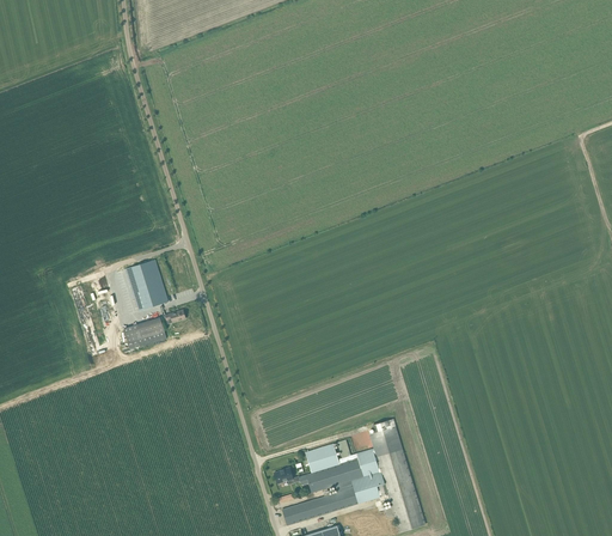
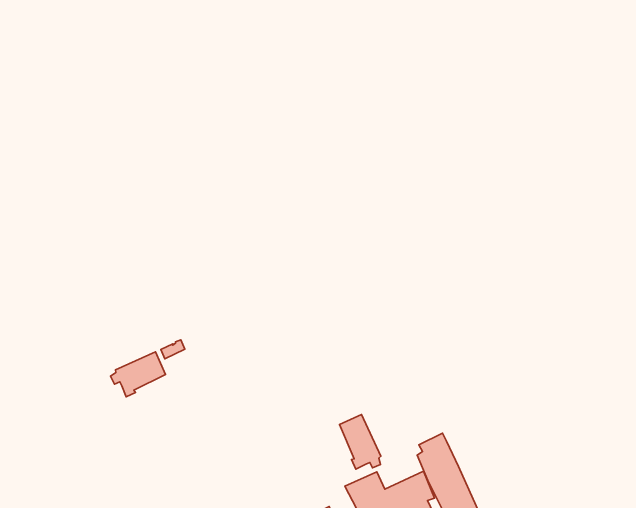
building: [126,260,169,311] -> none
building: none -> [340,414,381,469]

